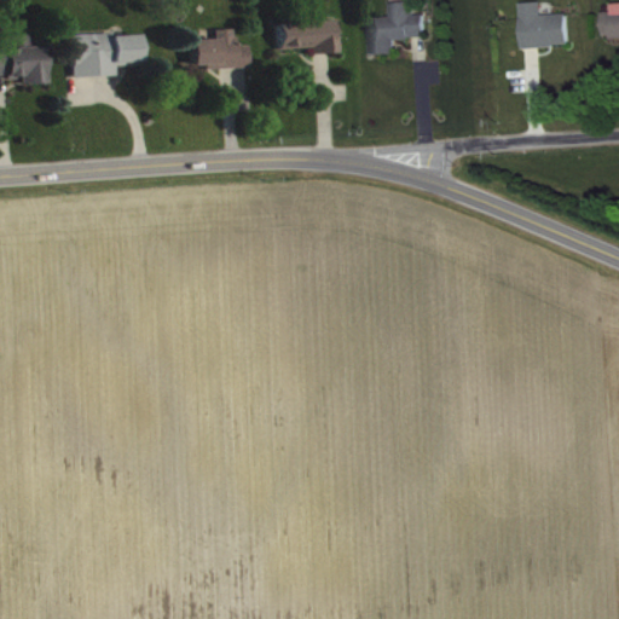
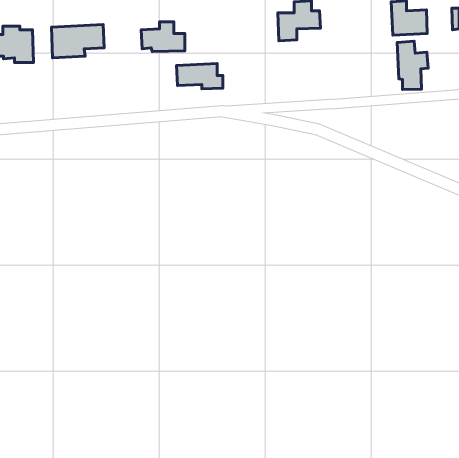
building: [276,19,337,53] -> [177,64,223,89]
building: none -> [397,41,428,90]

